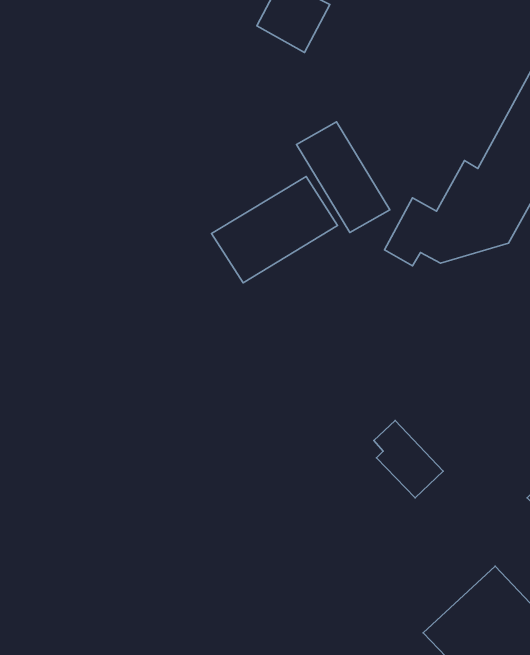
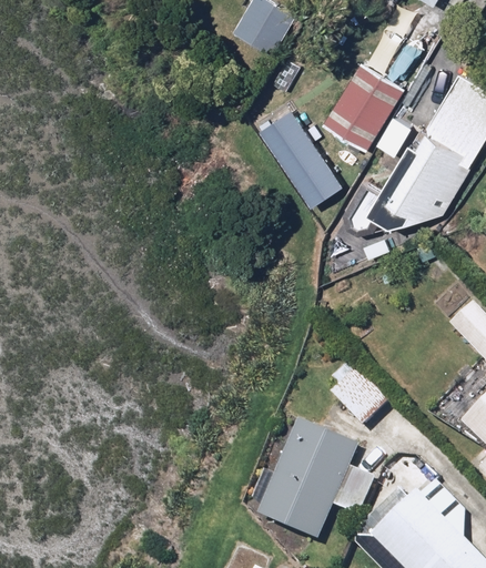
building: none -> [322,60,403,150]
building: [212,176,338,283] -> none
building: none -> [259,420,376,539]

